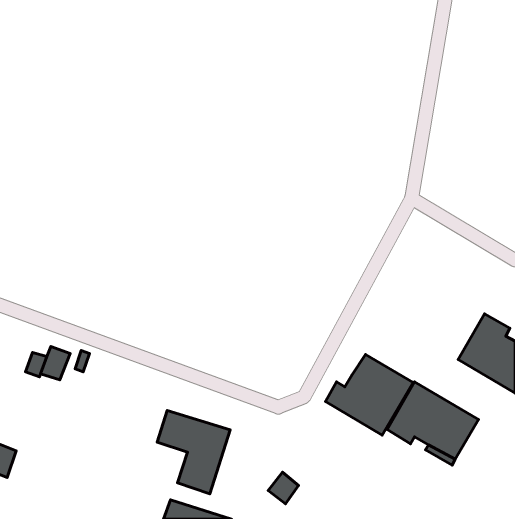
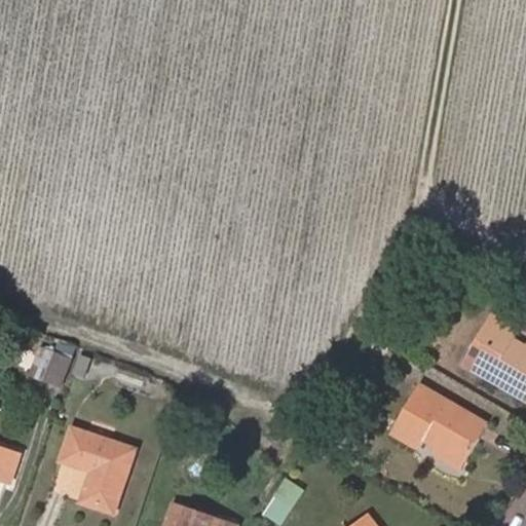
building: [326,355,413,435] -> none
building: [157,411,230,494] -> [60,430,134,515]

